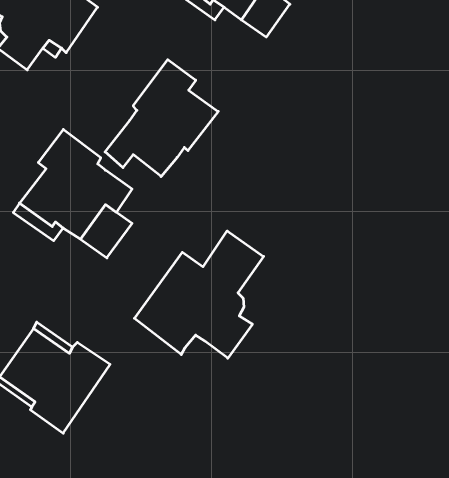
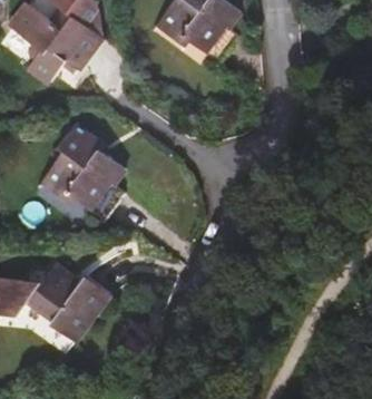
building: [105,60,218,177] -> none
building: [134,231,264,358] -> none

